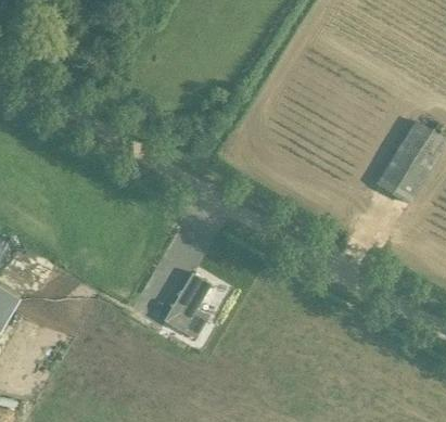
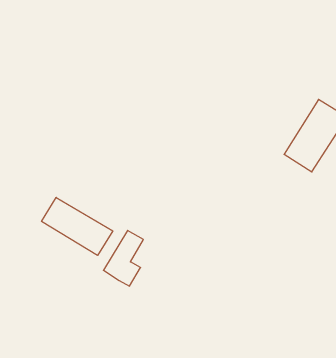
building: none -> [42,197,113,255]

